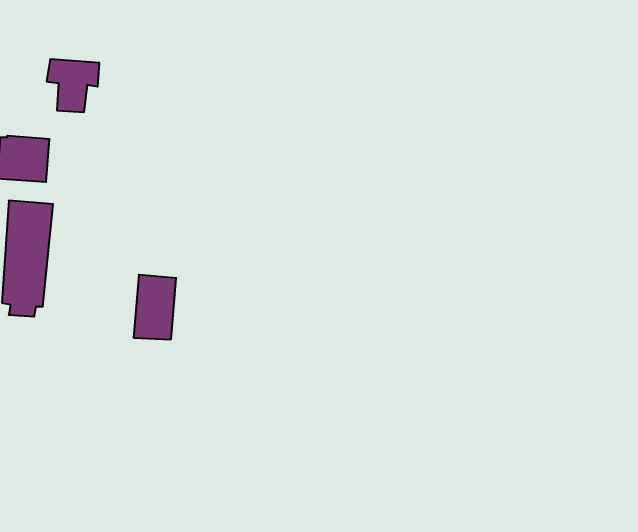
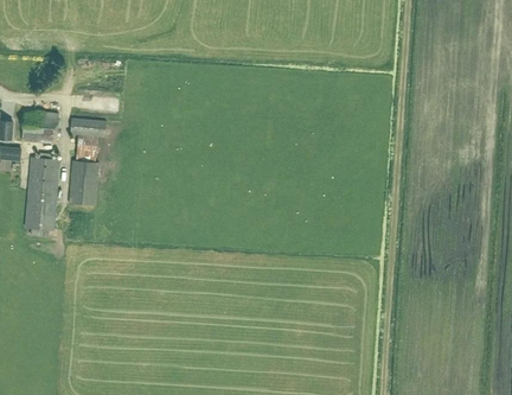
building: [47,59,99,112] -> [69,117,105,154]
building: [134,275,176,339] -> [69,159,98,204]

